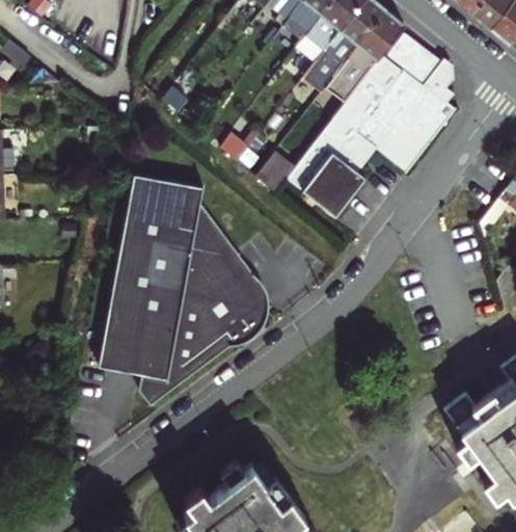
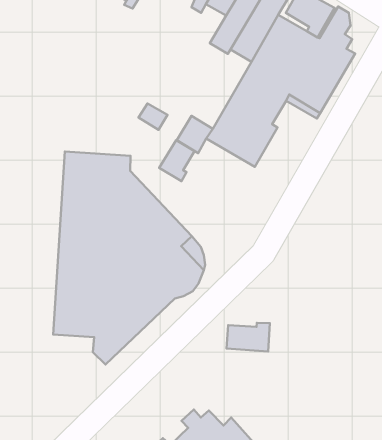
building: none -> [159,140,194,181]
building: none -> [227,323,270,351]

